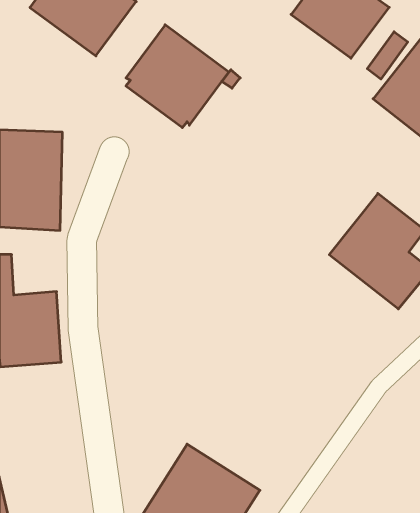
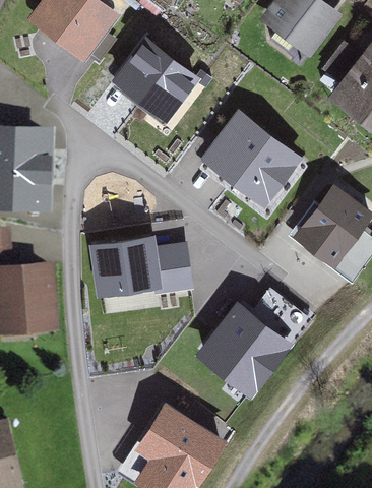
building: none -> [197,109,303,210]
building: none -> [90,236,193,297]
building: none -> [194,300,294,400]

